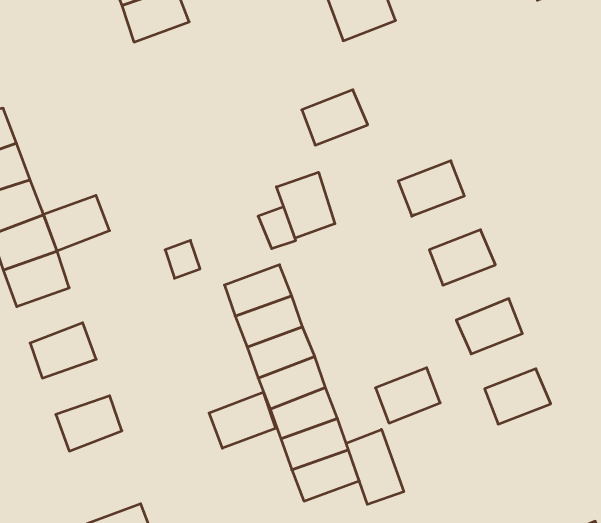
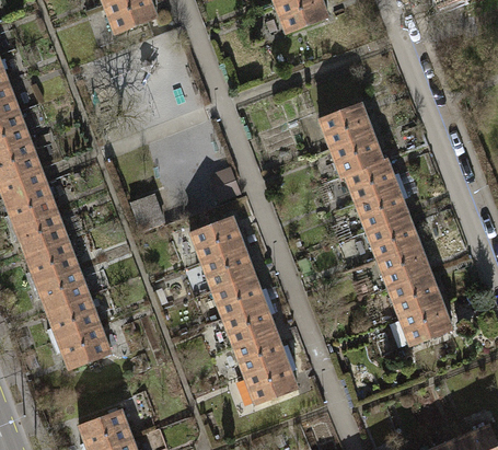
building: [302,90,368,145] -> [320,103,373,148]
building: [276,172,335,238] -> none
building: none -> [344,159,397,204]
building: [43,195,110,251] -> [21,234,74,279]
building: none -> [367,216,420,261]
building: none -> [42,292,96,337]
building: [375,368,440,423] -> [390,272,442,316]
building: [209,392,276,448] -> none
building: [346,429,404,504] -> none

